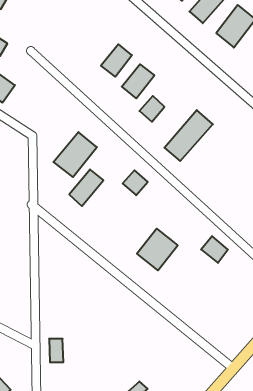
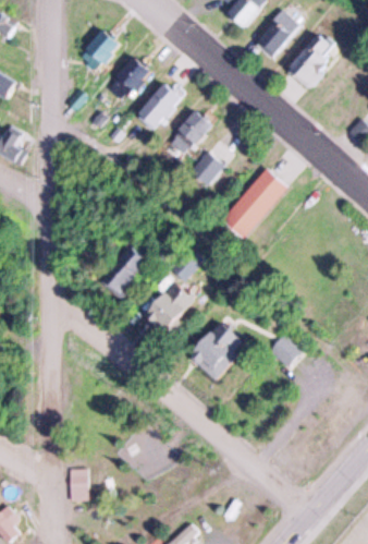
building: none -> [82,33,119,71]
building: none -> [112,57,148,95]
building: [53,132,97,177] -> [138,278,195,337]

